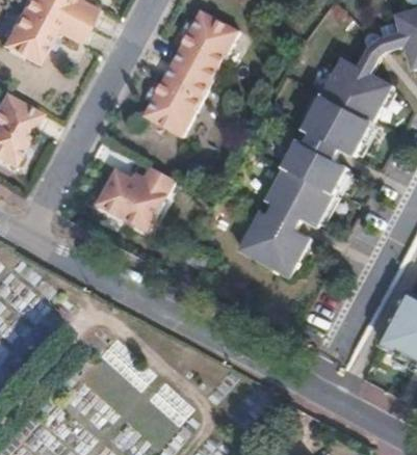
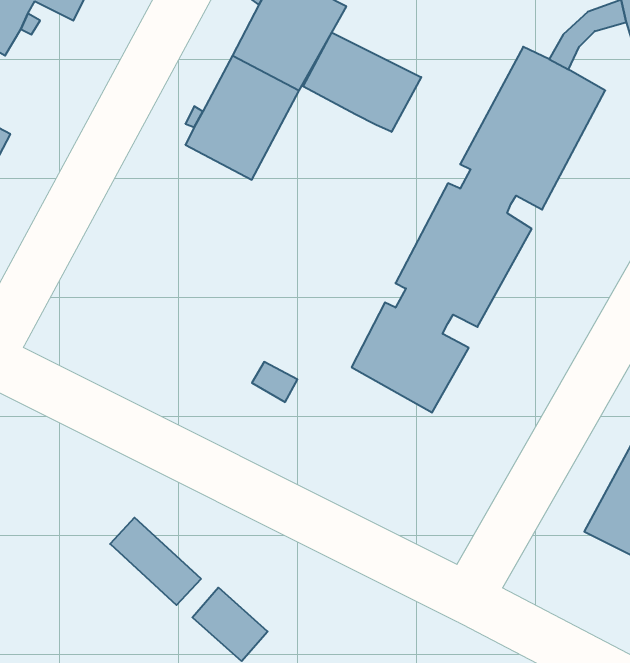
building: none -> [303,32,421,132]
building: [92,165,174,236] -> none

